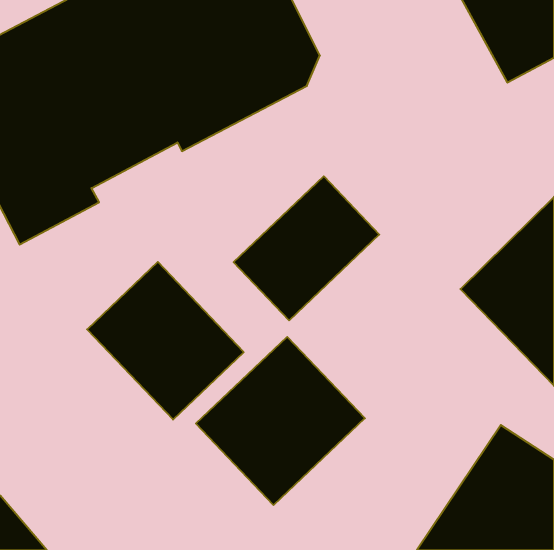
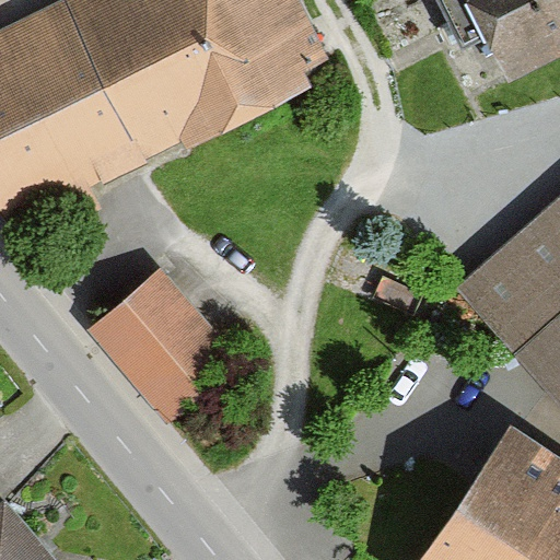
building: [234,176,379,320] -> none
building: [196,337,365,505] -> none

